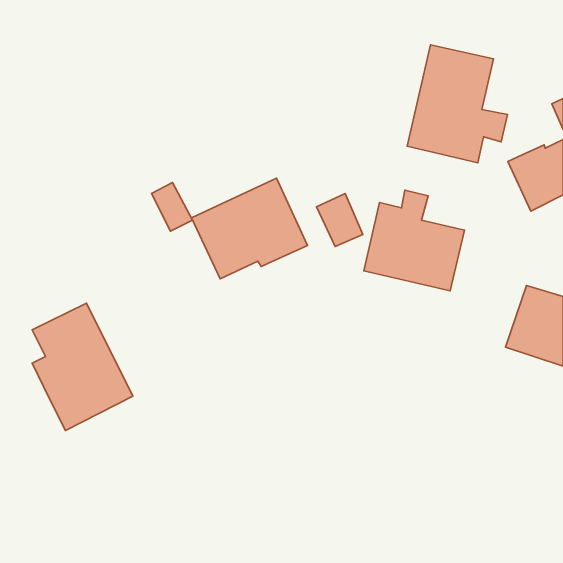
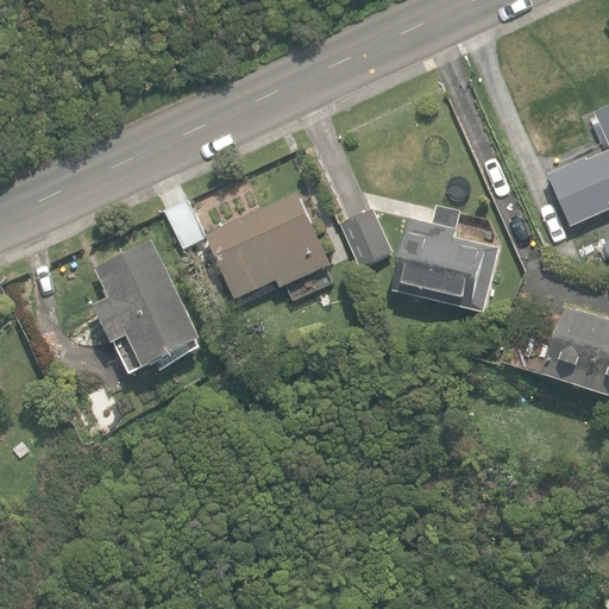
building: [407,45,507,163] -> none
building: [32,303,133,431] -> [95,240,203,377]

